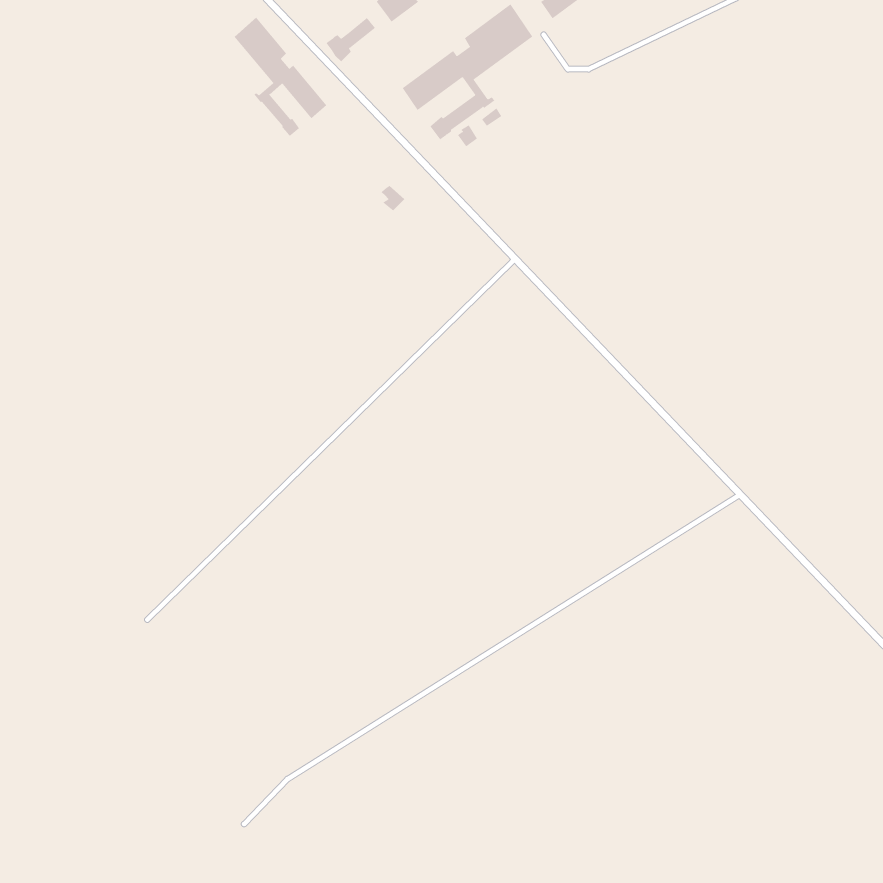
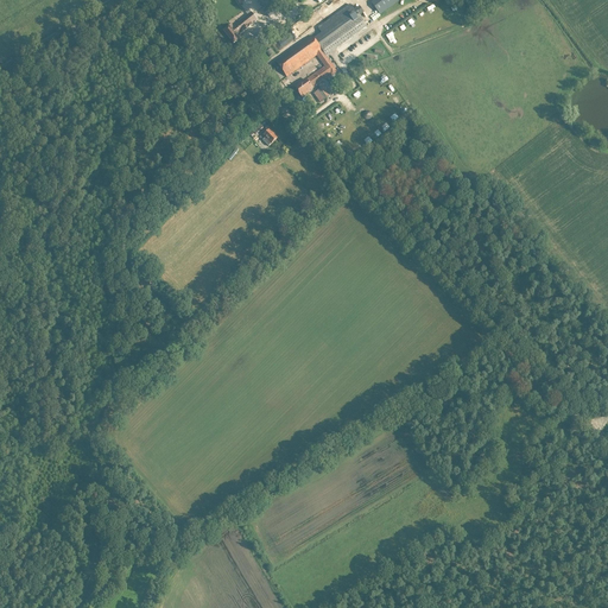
building: [234,17,327,137] -> none

